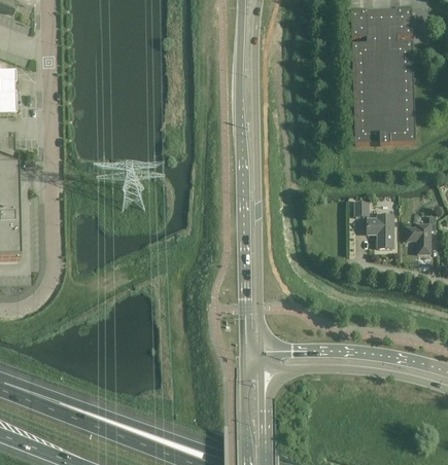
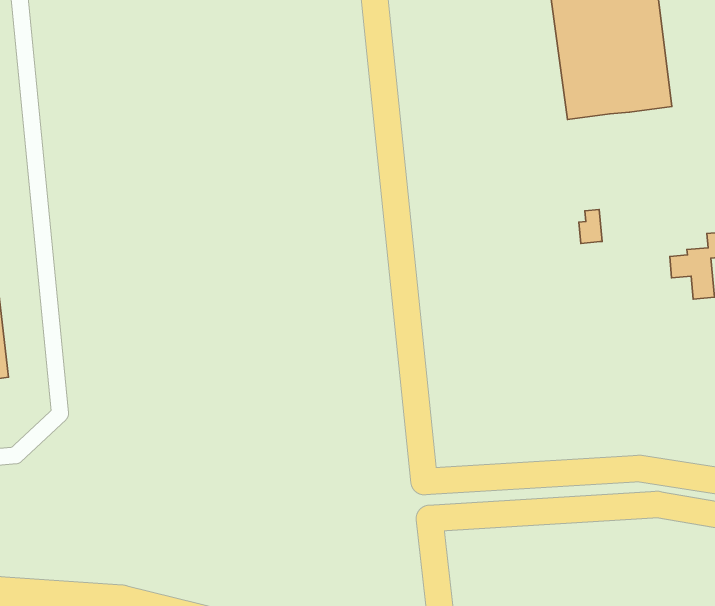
building: [367,212,392,244] -> none

